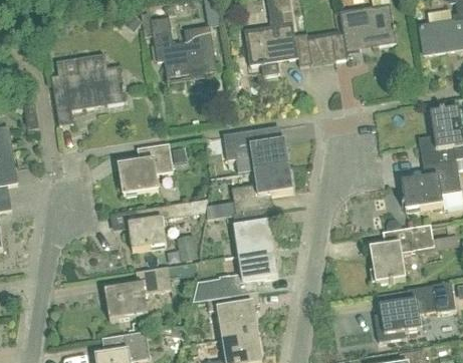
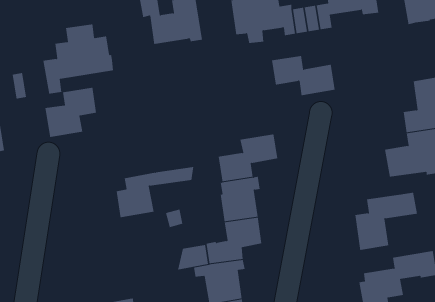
building: [223,129,288,170] -> [271,55,335,96]
building: [119,143,172,195] -> [45,87,97,138]
building: [104,266,171,320] -> none

